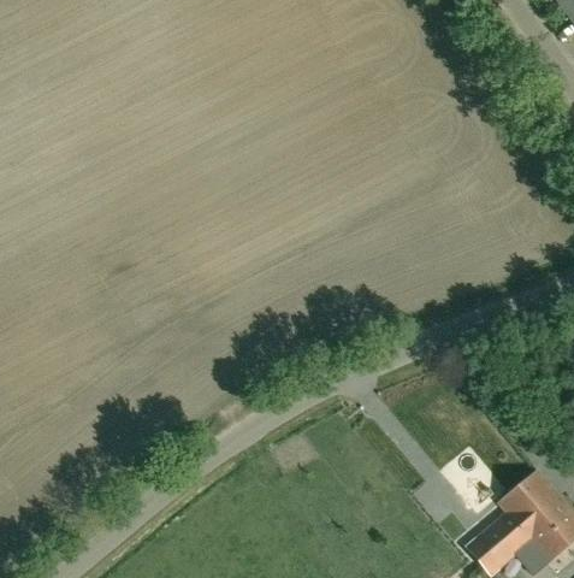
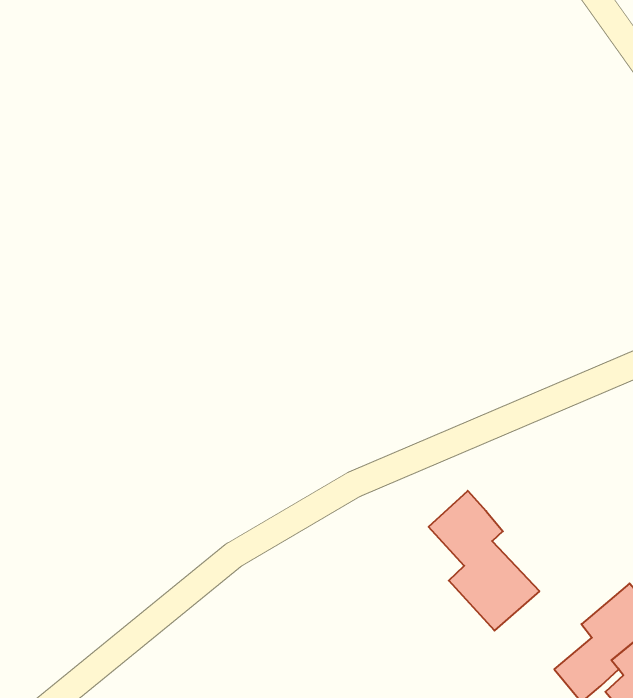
building: none -> [429,491,539,631]

